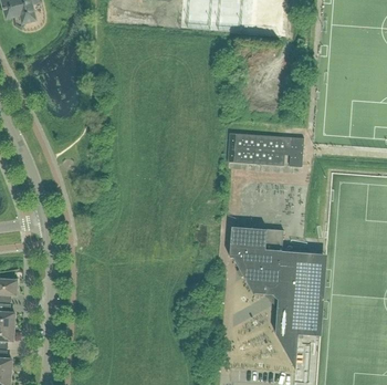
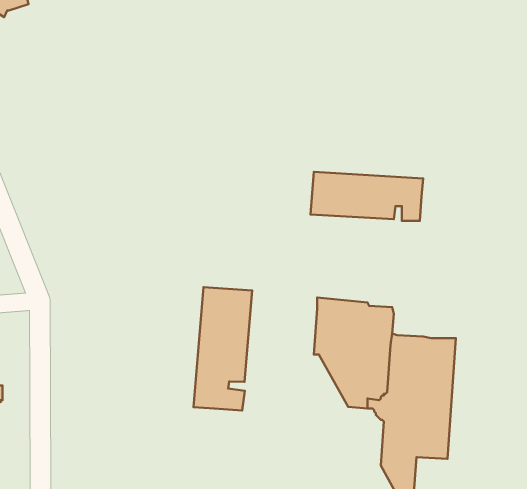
building: none -> [193,287,252,411]

